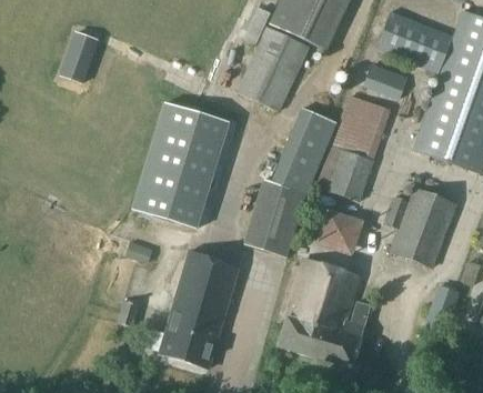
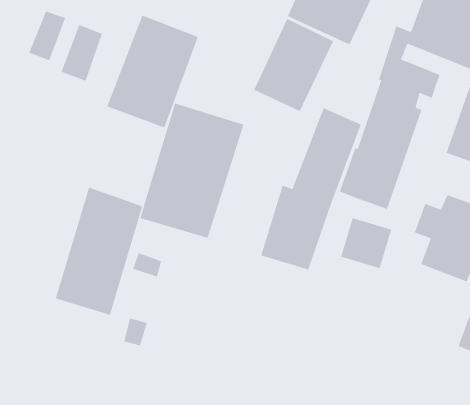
building: none -> [28,10,66,61]
building: none -> [106,14,199,129]
building: [158,250,239,369] -> [55,186,143,316]
building: [276,258,370,369] -> none

